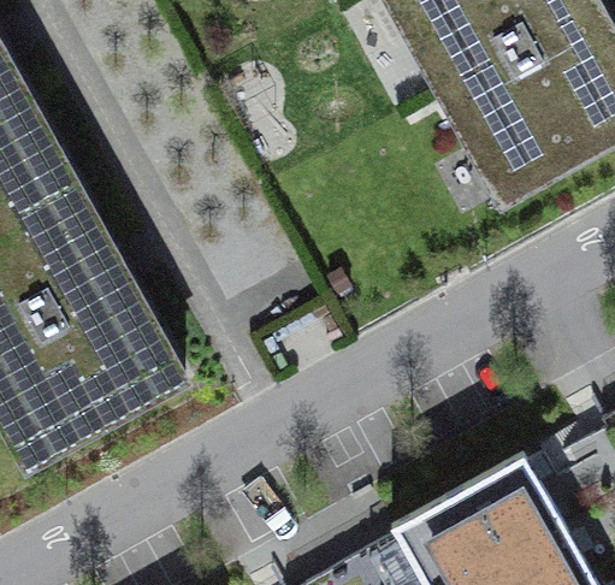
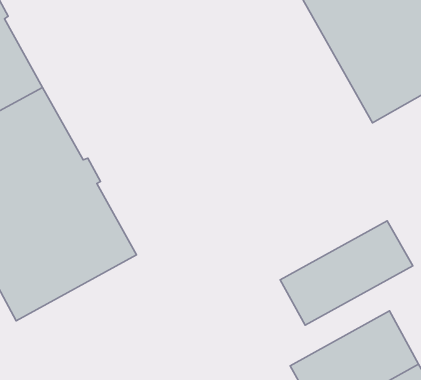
building: none -> [280,221,413,325]

